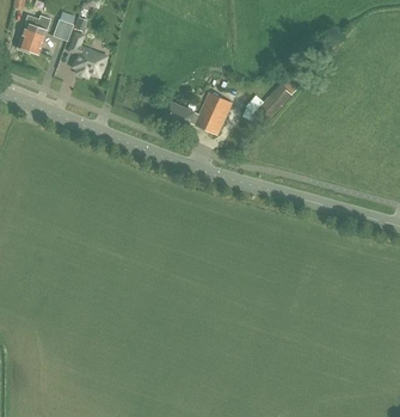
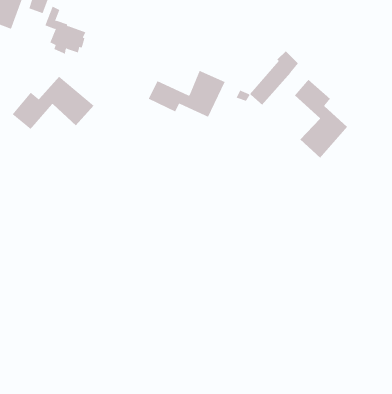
building: none -> [12,76,94,130]
building: none -> [294,79,348,159]

